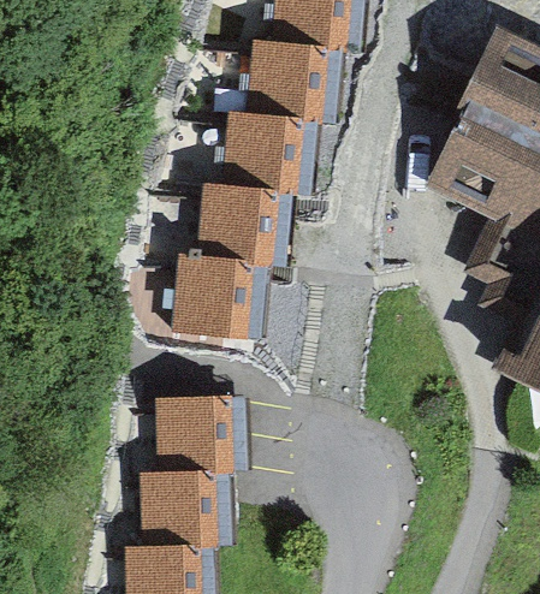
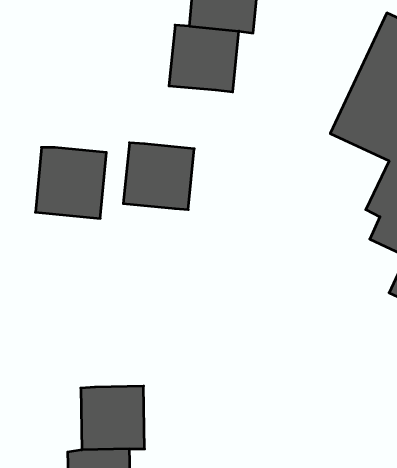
building: [219,114,303,194] -> none
building: [171,256,255,340] -> [35,147,106,218]
building: [159,398,235,474] -> none

